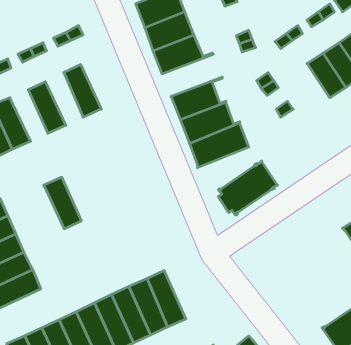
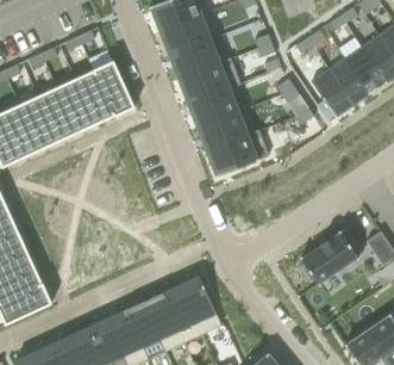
building: none -> [177,58,240,103]
building: none -> [93,60,135,116]
building: none -> [311,68,352,117]
building: none -> [56,78,95,132]
building: [218,161,278,215] -> [300,228,362,284]
building: [44,177,81,229] -> [19,95,58,149]
building: none -> [180,276,221,334]

